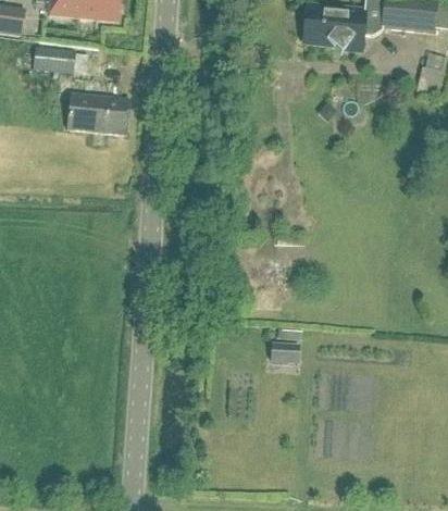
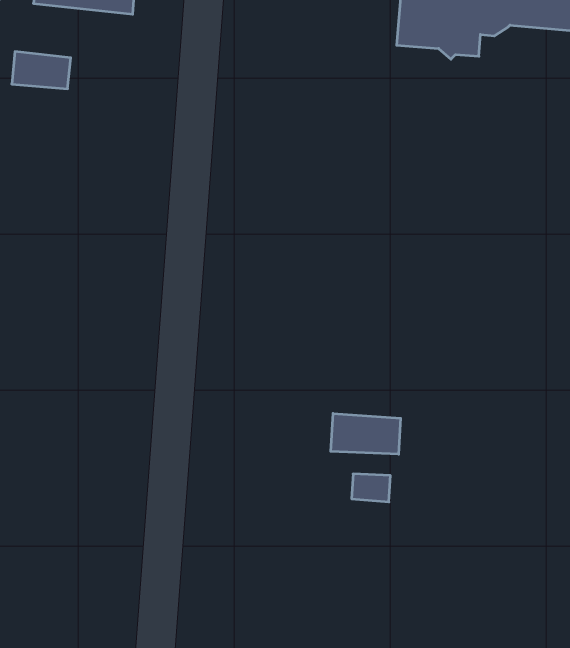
building: [66,92,129,134] -> none
building: none -> [331,413,401,454]

